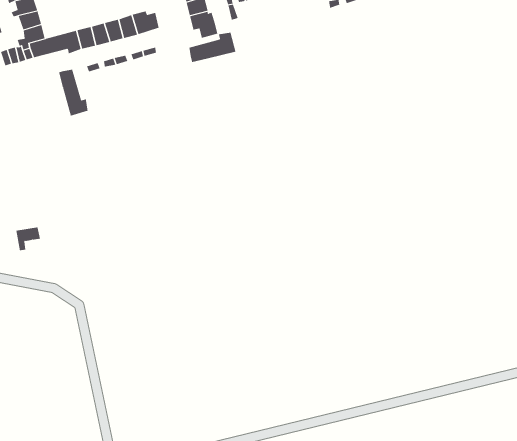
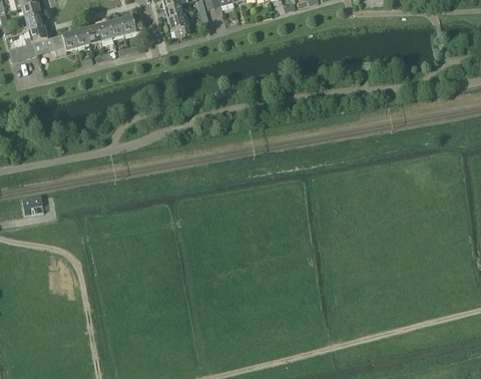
building: [189,32,236,63] -> none
building: [59,69,88,116] -> none

